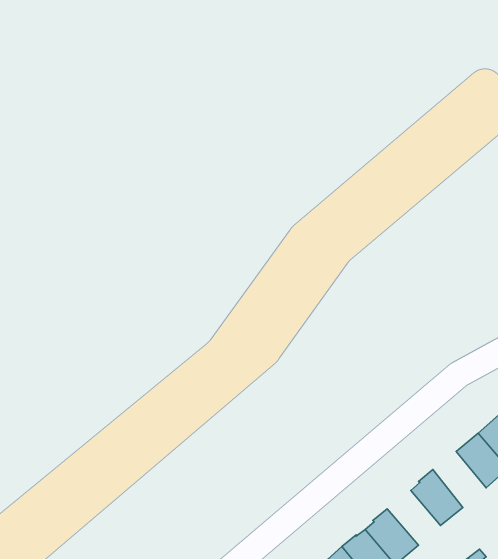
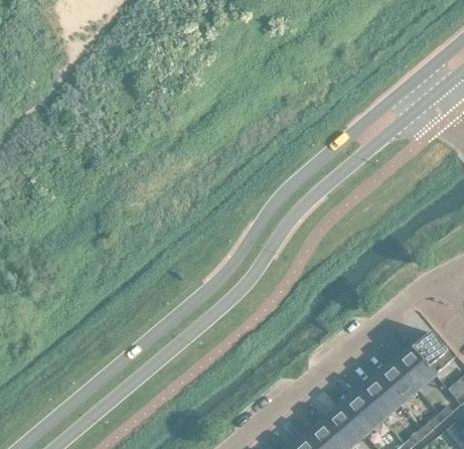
building: none -> [377,360,419,404]
building: none -> [342,391,383,433]

